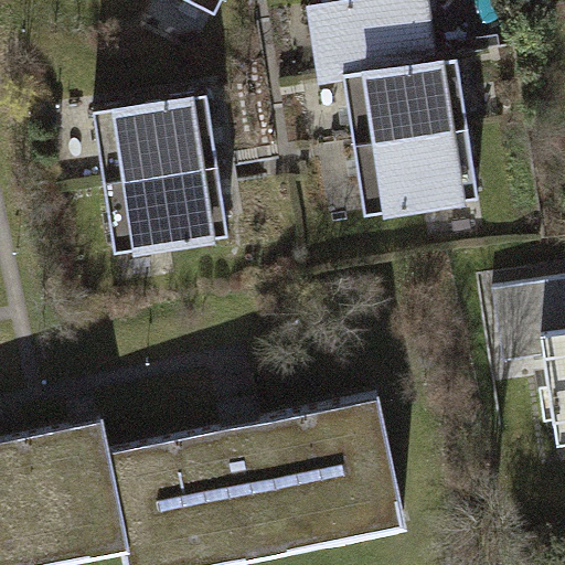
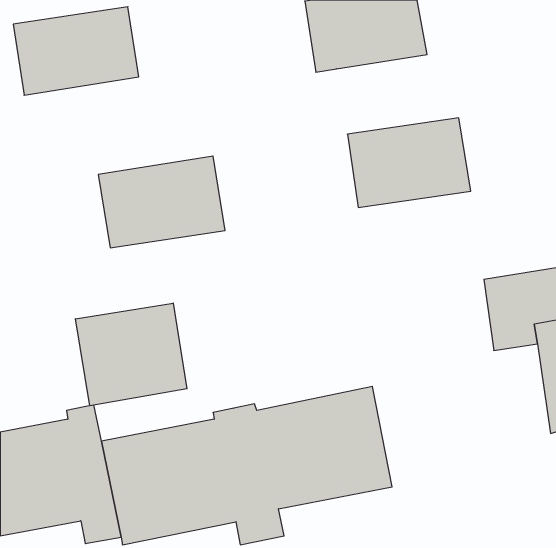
building: [342,62,466,146] -> none
building: [90,97,217,186] -> [13,7,139,95]
building: none -> [76,303,187,406]

